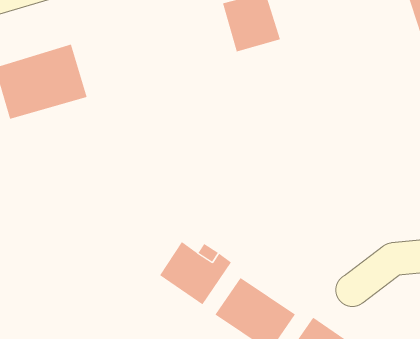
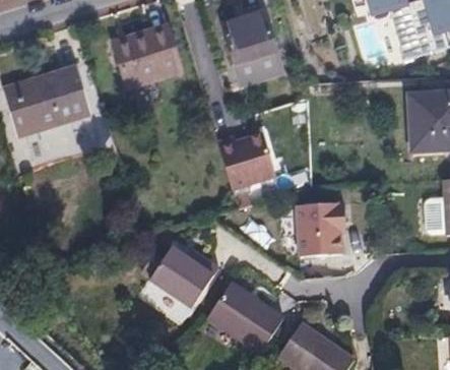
building: none -> [109,24,178,85]
building: none -> [217,138,271,189]
building: none -> [298,203,347,256]

